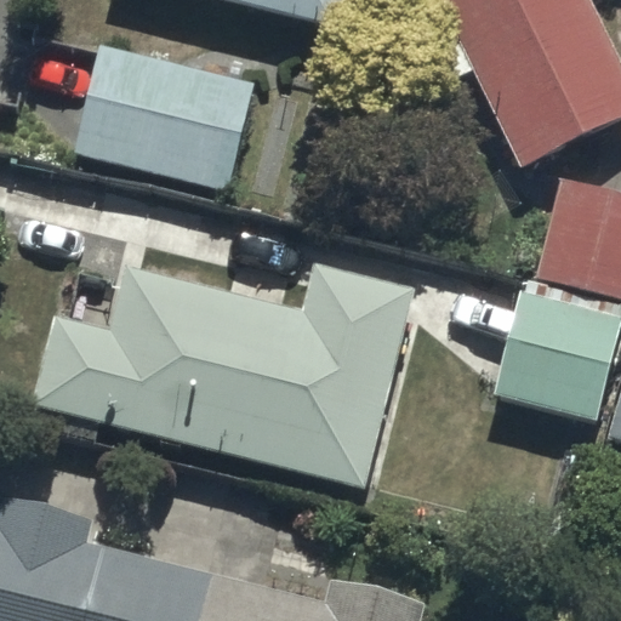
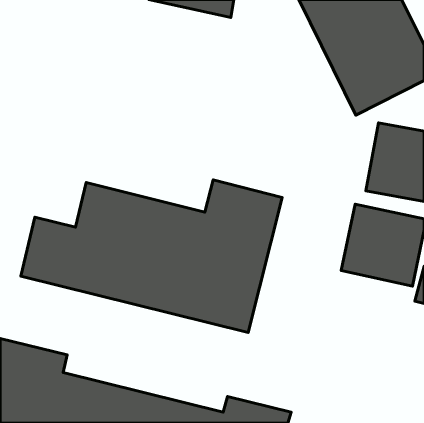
building: [72,45,255,188] -> none

